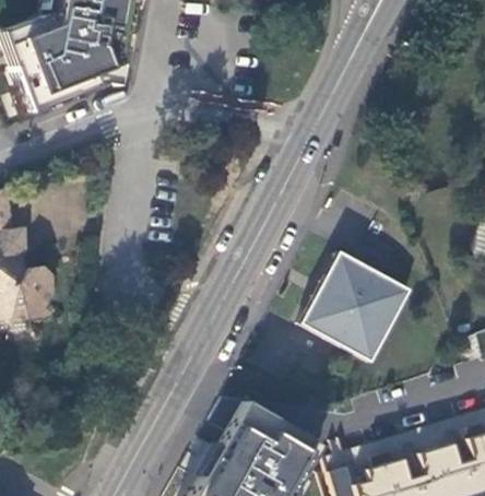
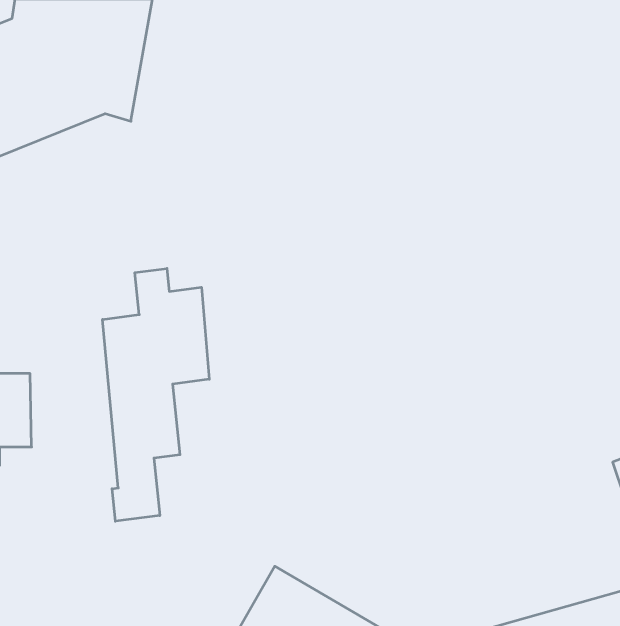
building: none -> [103,268,209,521]
building: [299,248,411,359] -> none

